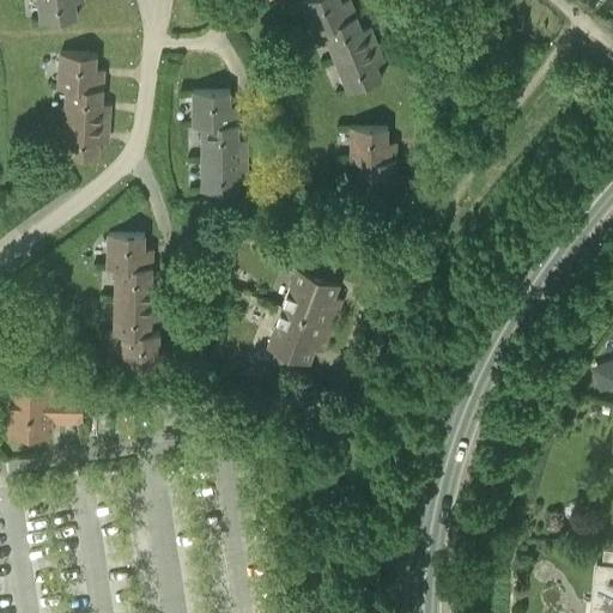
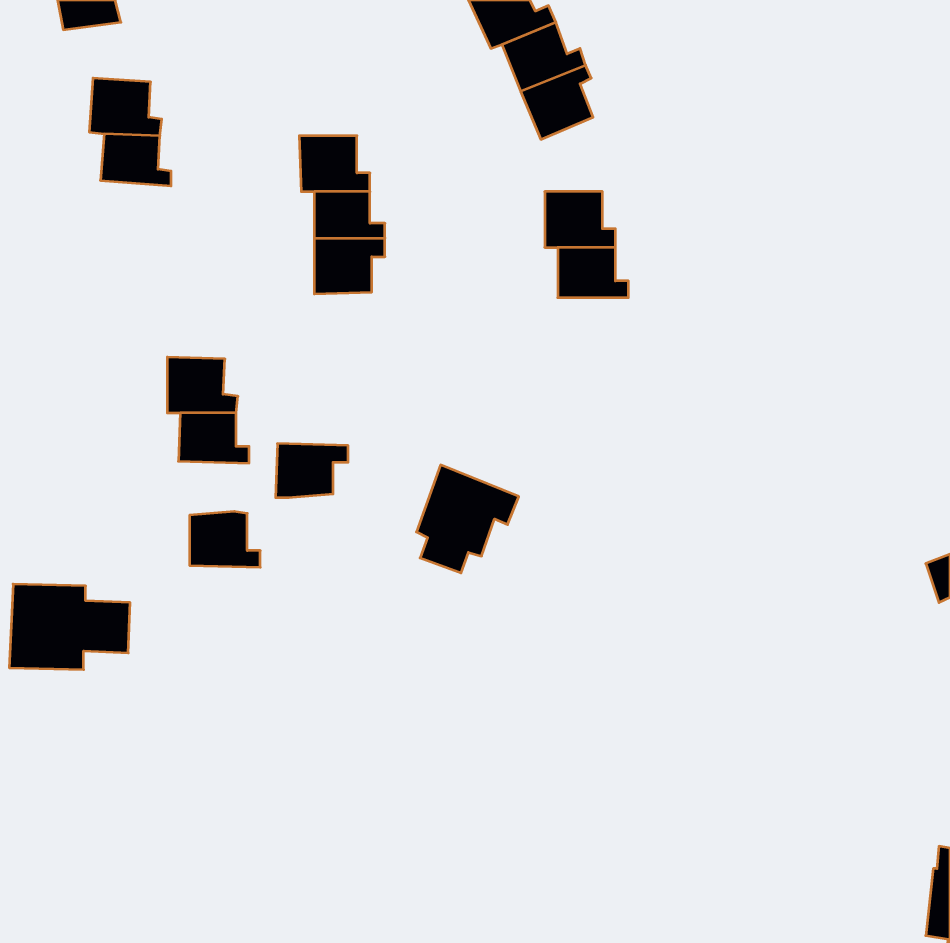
building: [62,121,110,158] -> none
building: [284,257,340,324] -> none
building: [114,302,160,336] -> [276,444,348,498]

